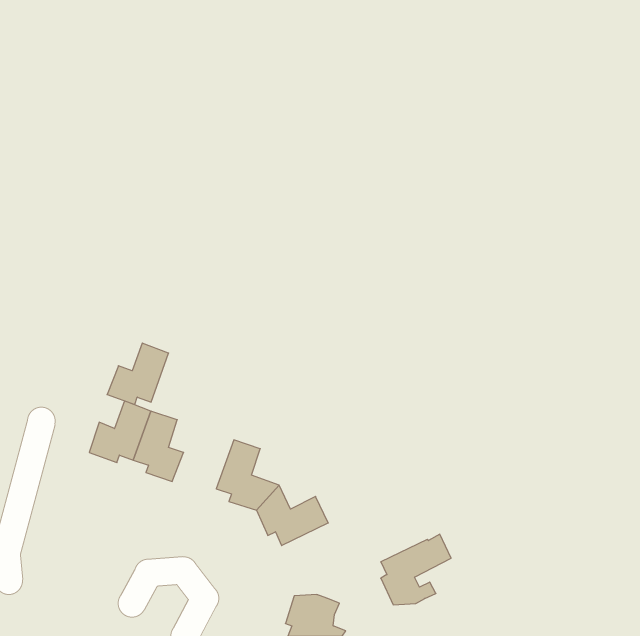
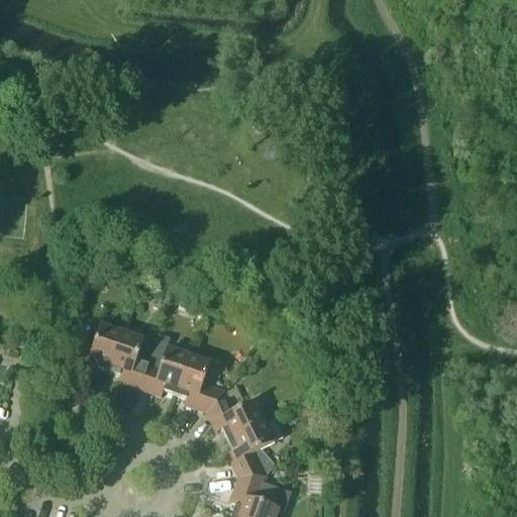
building: [107,343,169,405] -> [140,345,190,395]
building: [381,534,451,605] -> [228,416,285,473]

